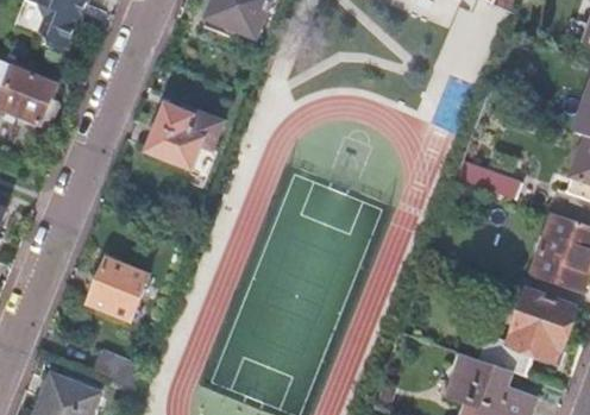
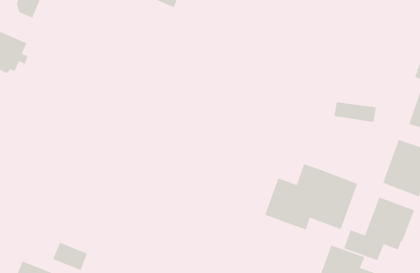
building: [145,105,220,169] -> none
building: none -> [264,163,358,231]
building: [87,260,146,320] -> none

